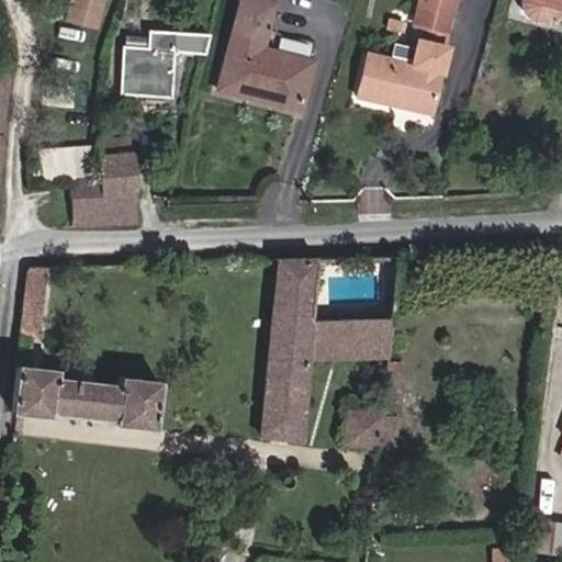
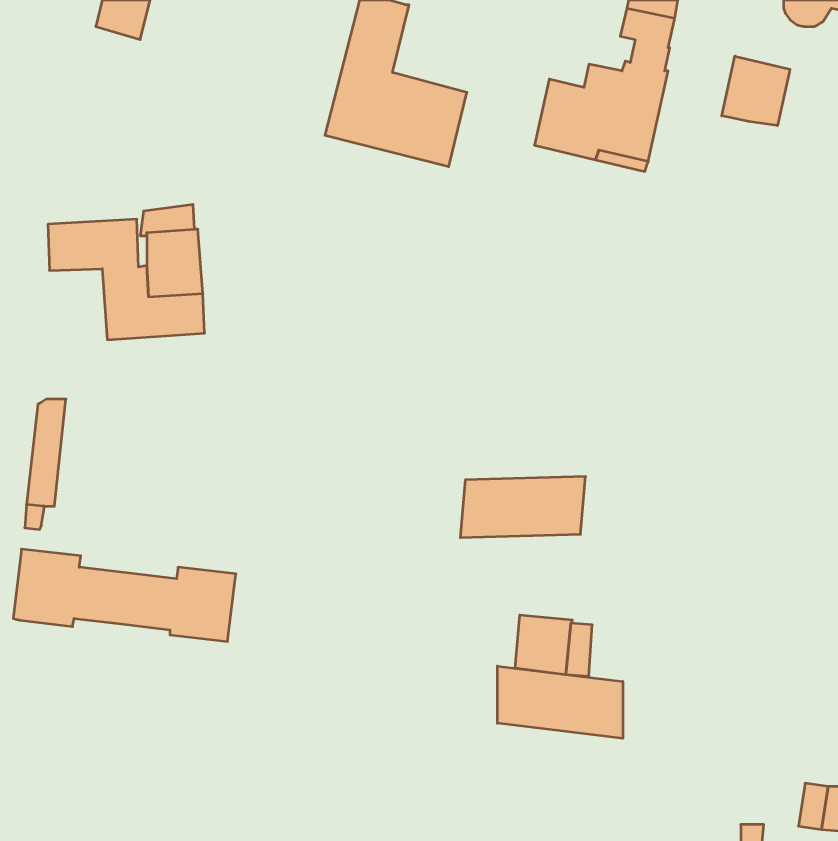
building: [122,33,210,98] -> none
building: none -> [722,56,790,126]
building: [261,258,318,440] -> none
building: none -> [497,666,623,738]

